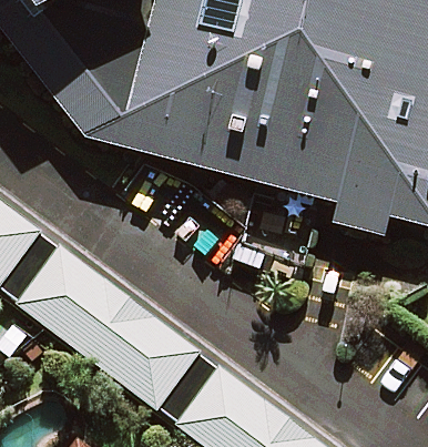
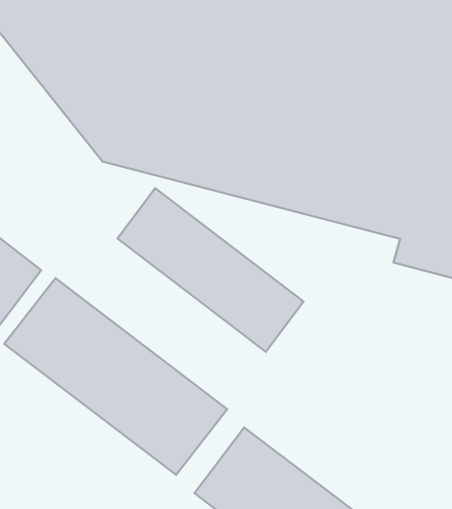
building: none -> [118,188,303,352]

